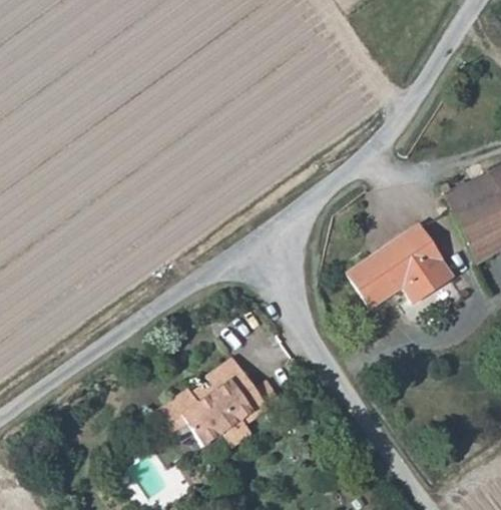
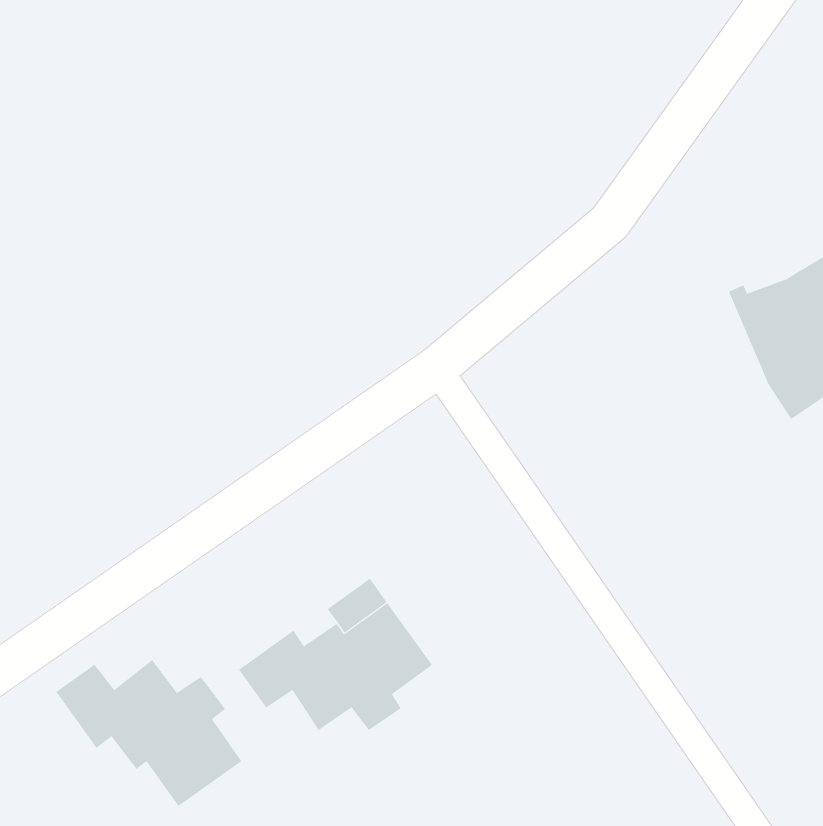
building: [349,224,453,305] -> none
building: none -> [55,659,242,807]

